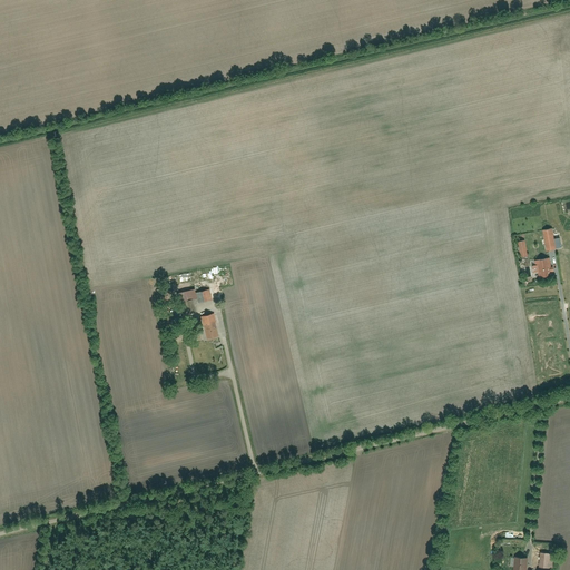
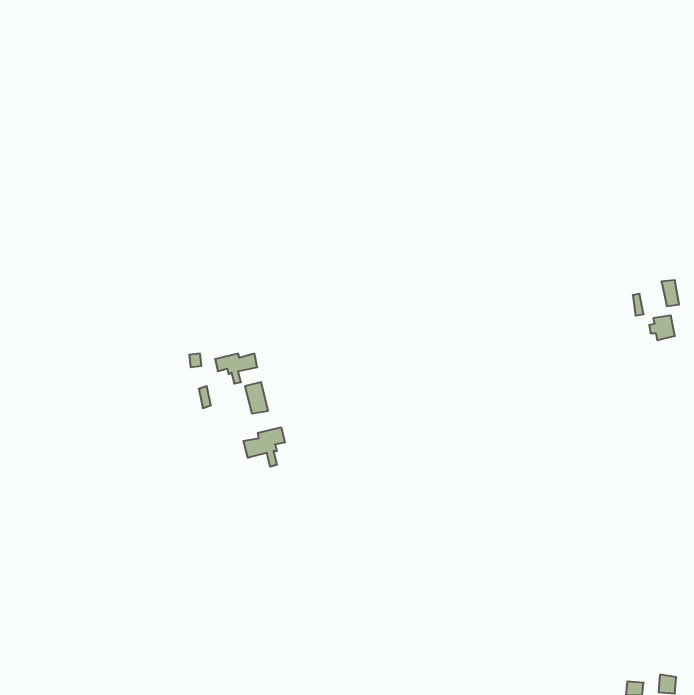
building: none -> [243,427,285,467]

